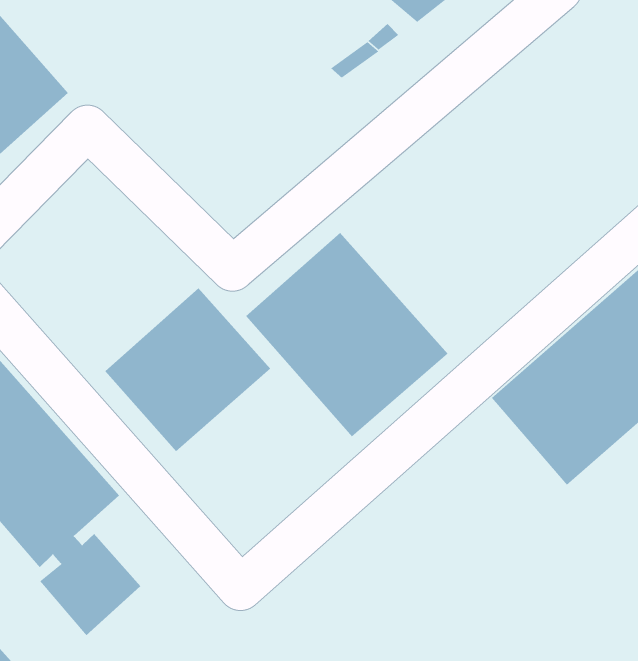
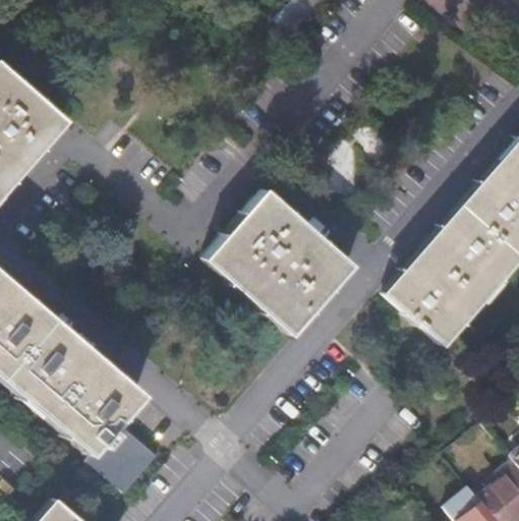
building: [104,287,271,452] -> none

